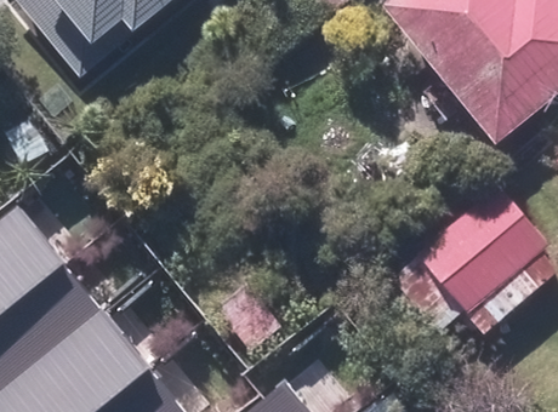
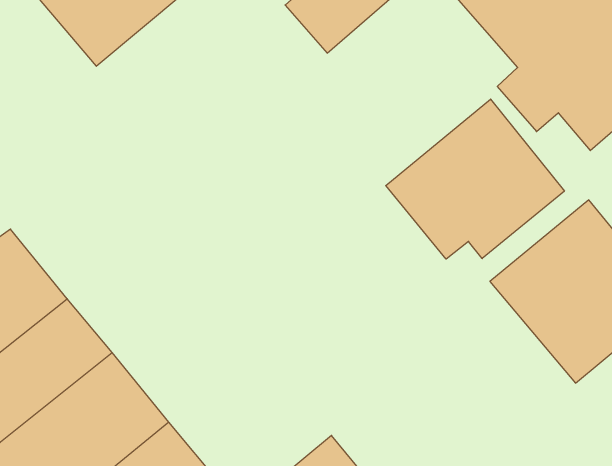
building: none -> [386,99,564,259]

